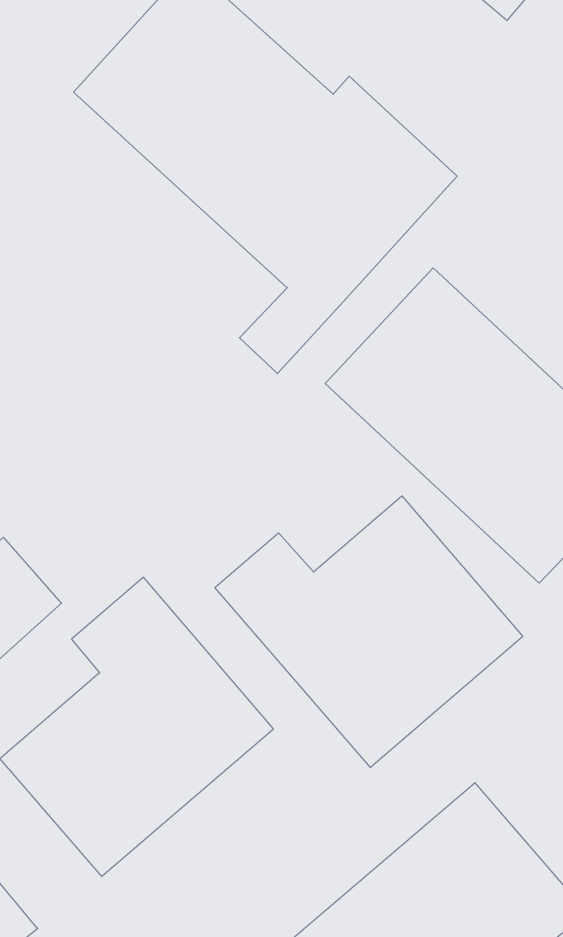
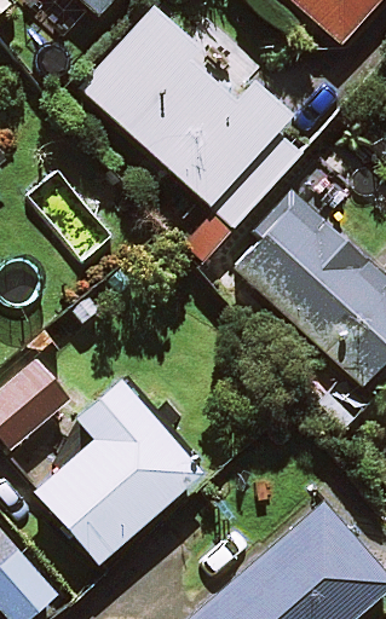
building: [215,496,523,768] -> none

